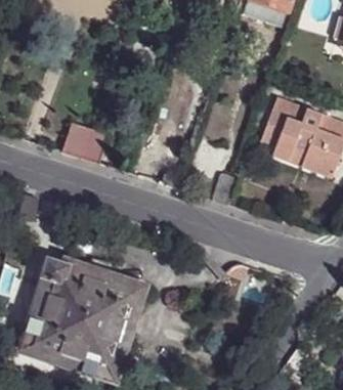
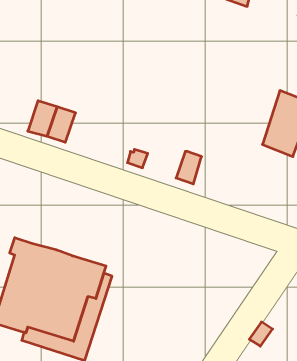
building: [256,97,314,167] -> none

